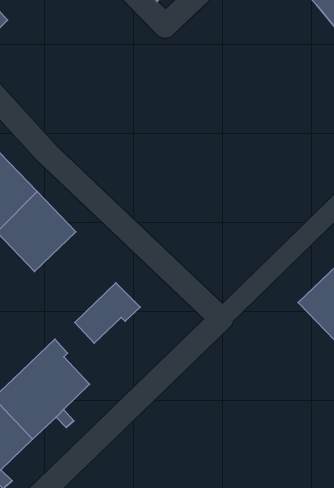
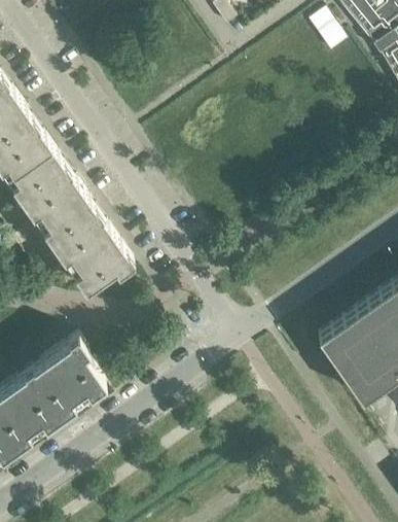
building: [75,283,140,343] -> [69,237,134,291]

